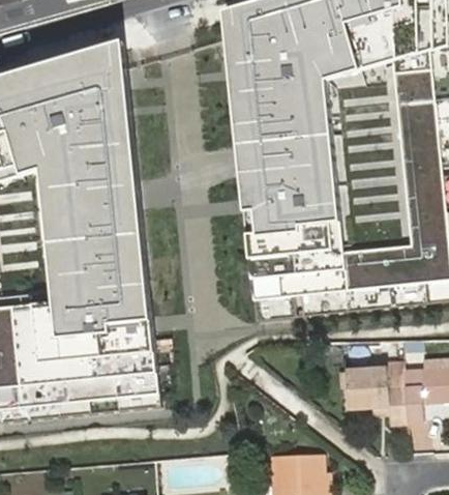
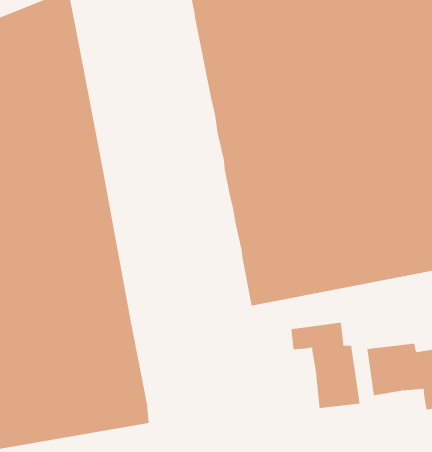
building: none -> [291,322,360,409]

